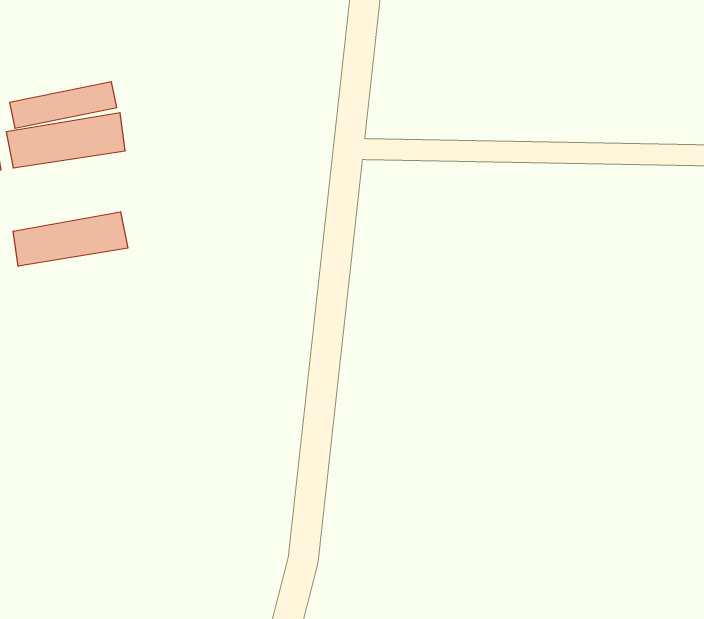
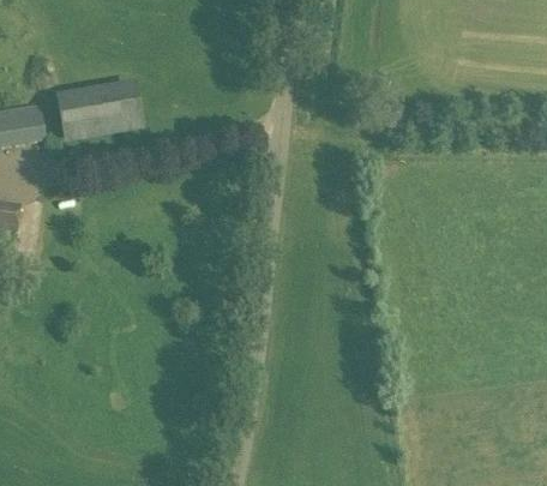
building: [13,212,128,266] -> none

